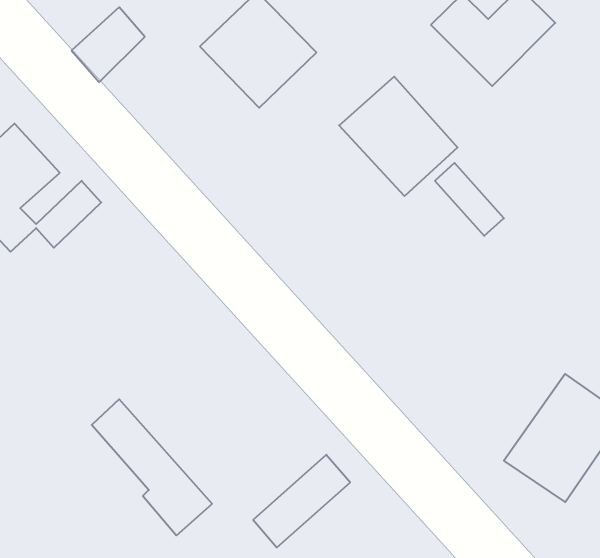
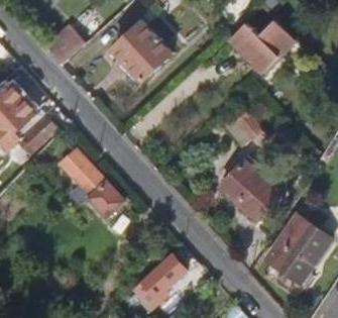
building: [339,77,458,196] -> none
building: none -> [218,162,277,220]
building: [92,399,212,535] -> [64,148,125,218]

